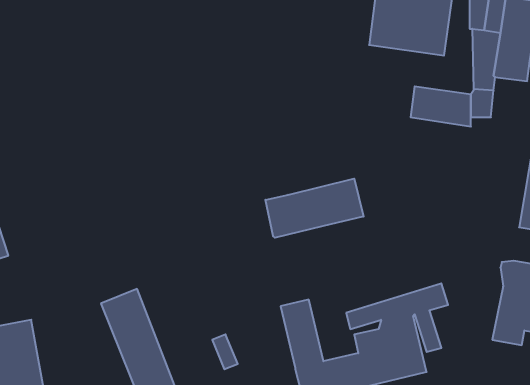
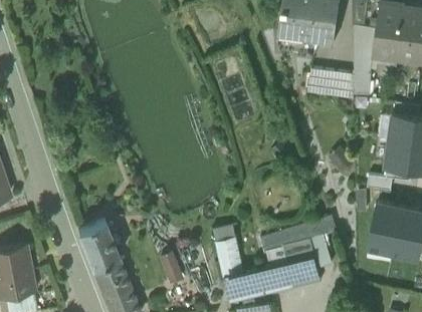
building: [265,179,364,238] -> none

